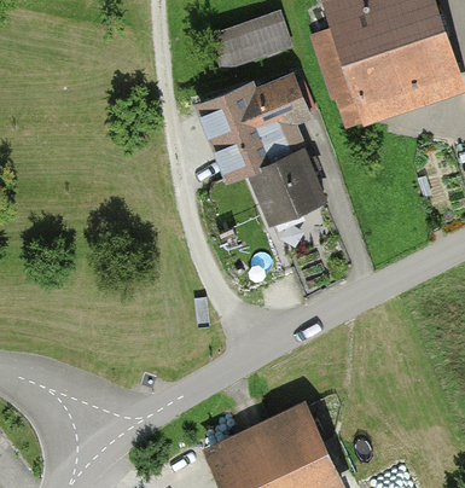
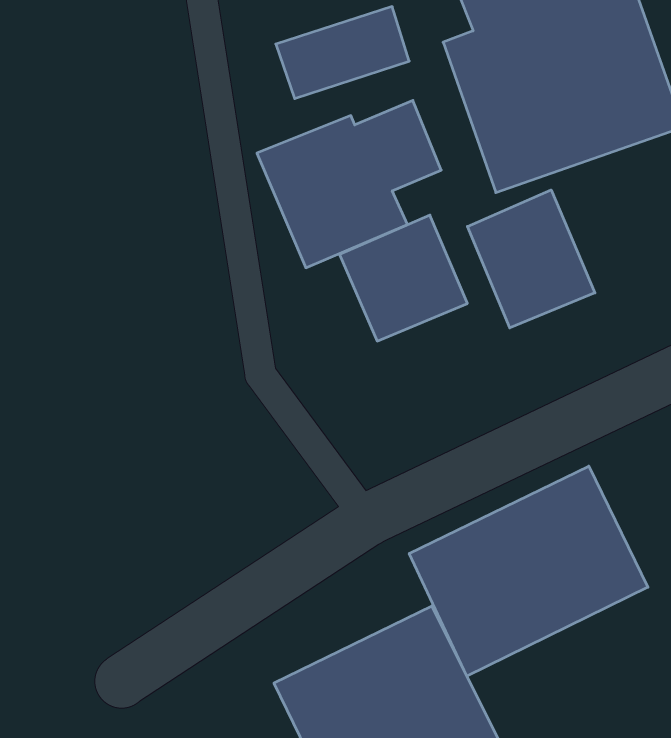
building: none -> [467,190,595,328]
building: none -> [409,466,648,676]

